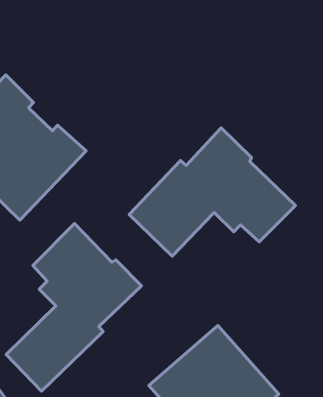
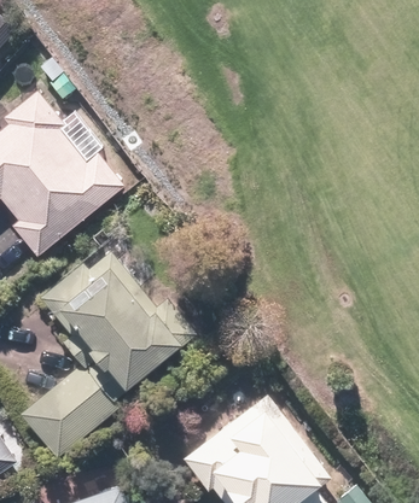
building: [129,128,295,256] -> none

